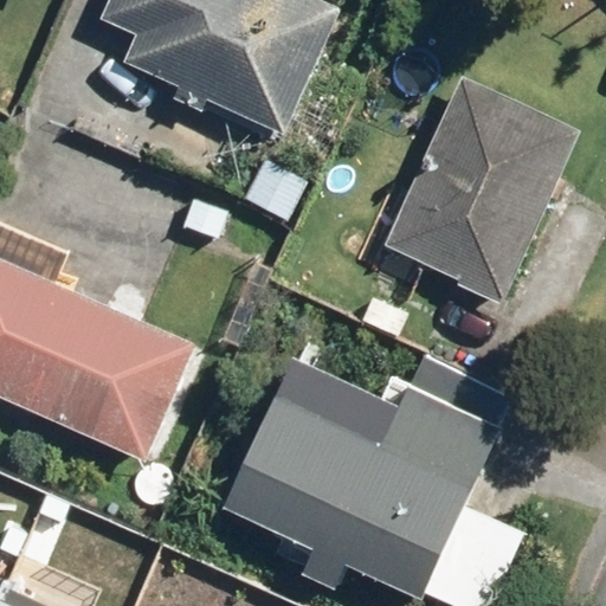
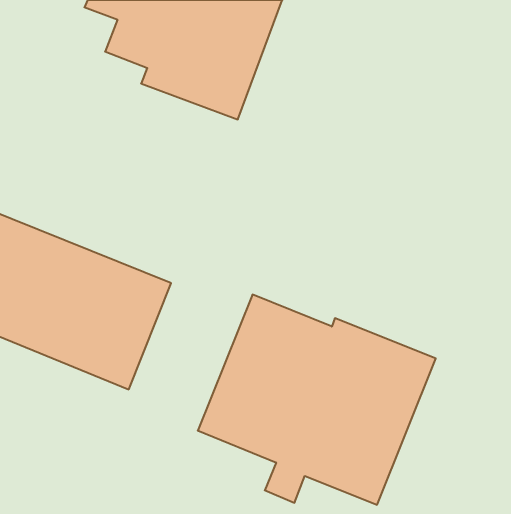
building: [382,71,580,303] -> none

